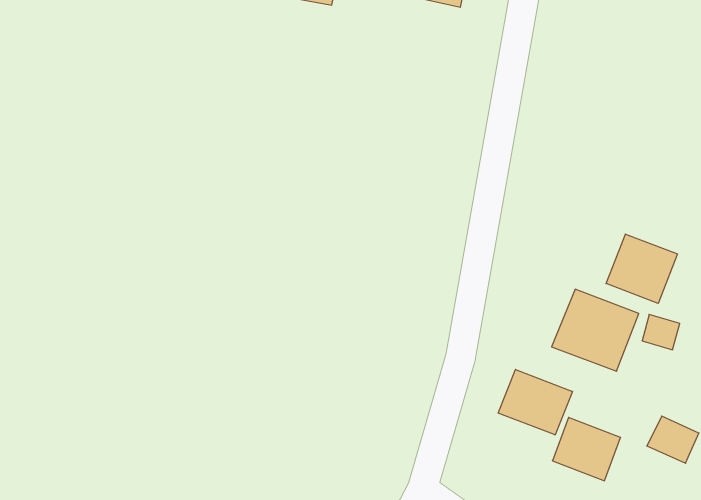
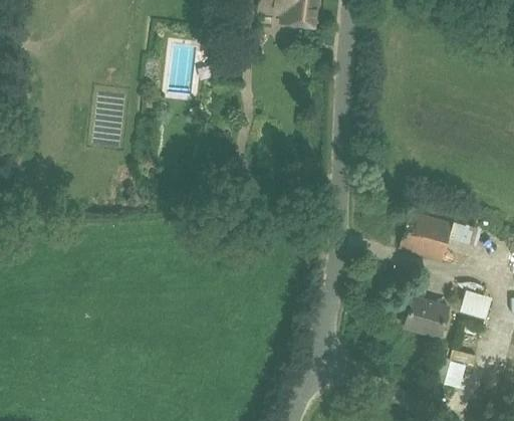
building: [606,234,677,303] -> none
building: [498,369,572,435] -> none

